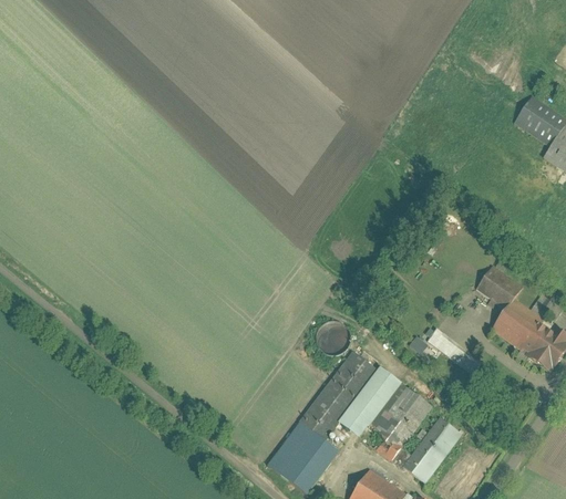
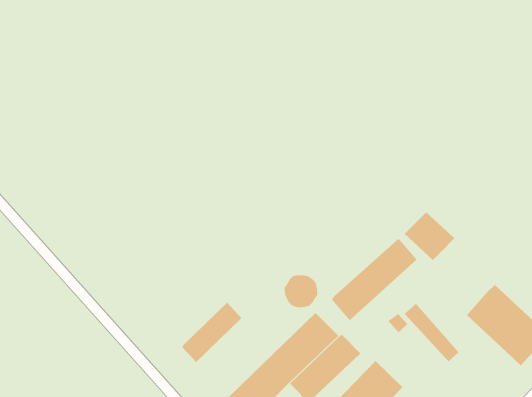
building: [474,262,523,308] -> [404,211,455,261]
building: none -> [331,238,417,321]
building: none -> [181,302,242,363]

